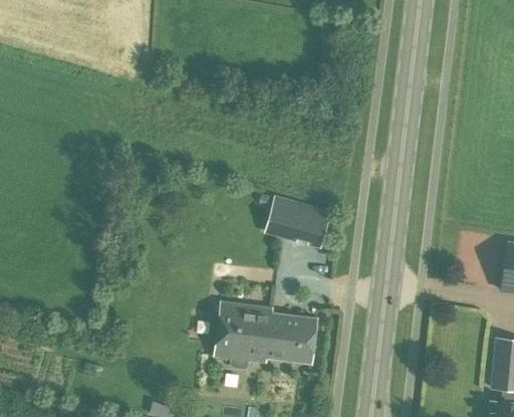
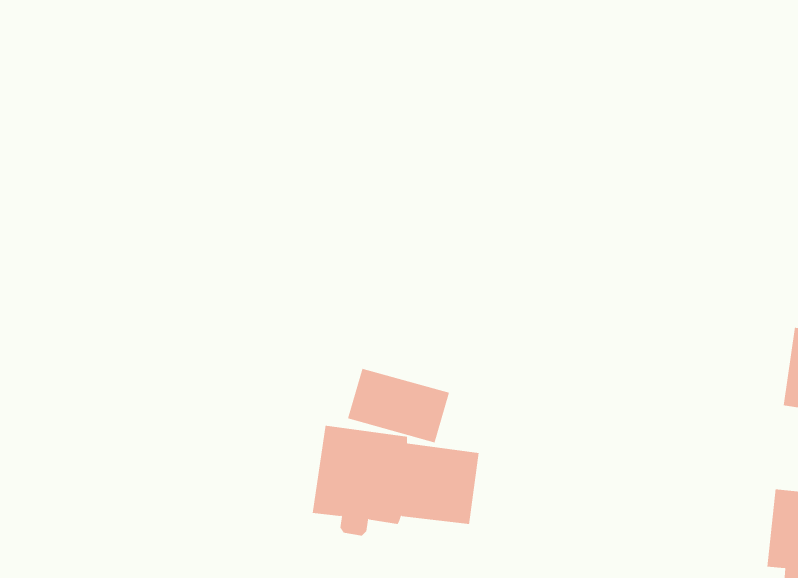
building: [267,197,330,243] -> [347,368,450,443]

